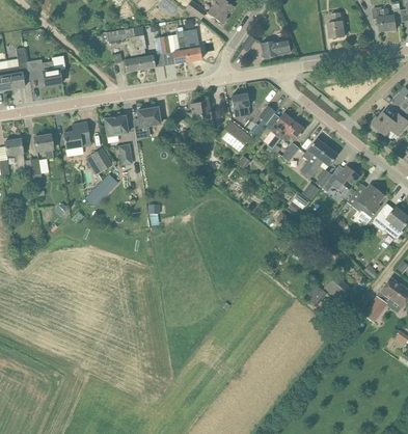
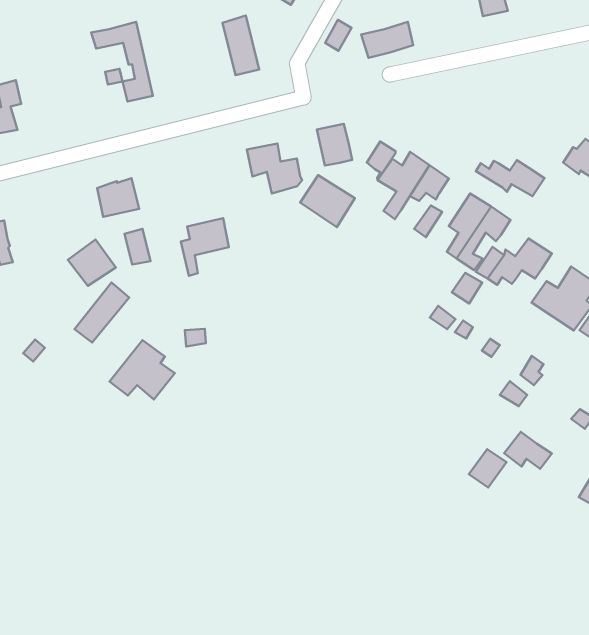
building: [134,26,155,70] -> none
building: [159,27,188,65] -> none
building: [133,107,160,138] -> [181,218,229,276]
building: none -> [476,160,544,196]
building: [63,121,90,148] -> none
building: none -> [109,340,175,400]

